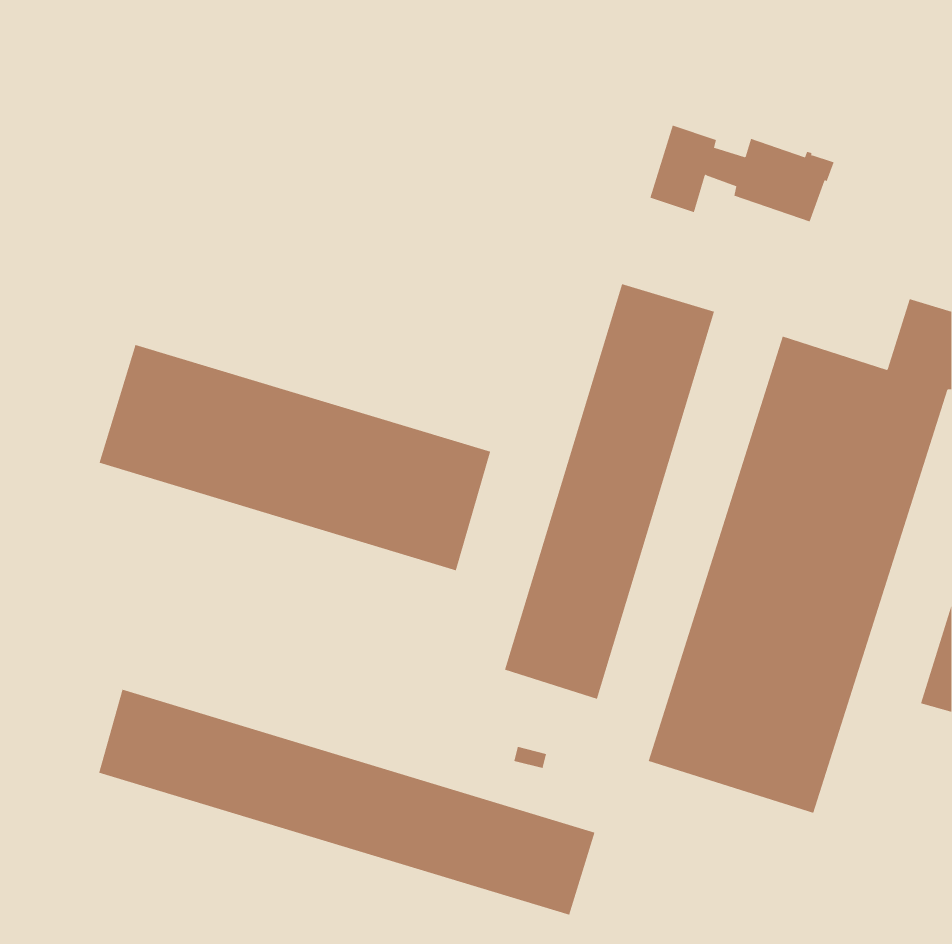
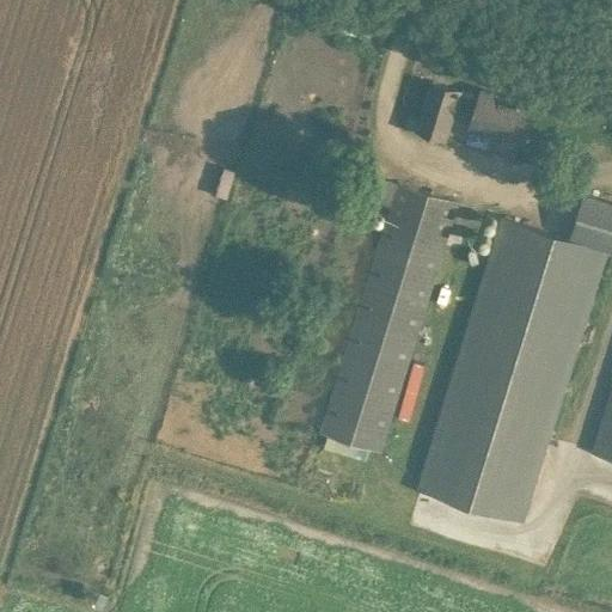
building: [99,344,491,571] -> none
building: [98,689,595,915] -> none

